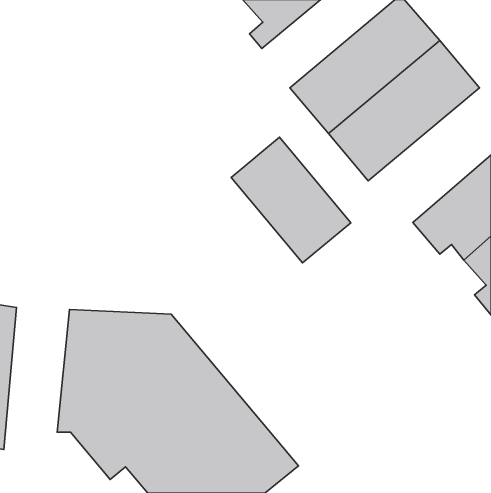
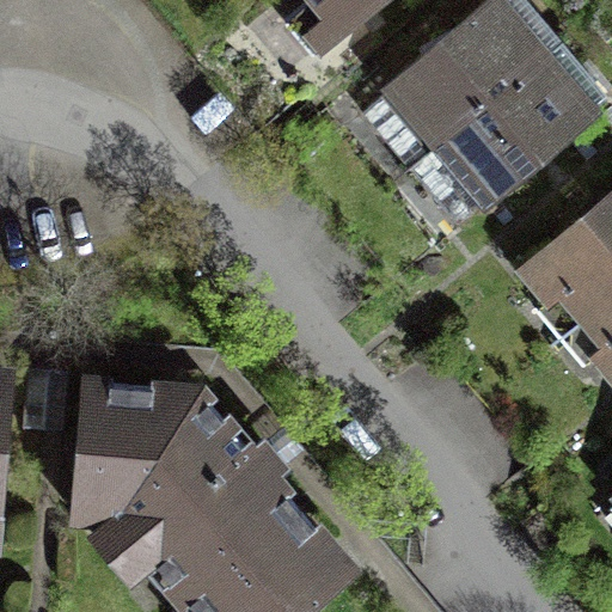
building: [231,137,351,263] -> none

